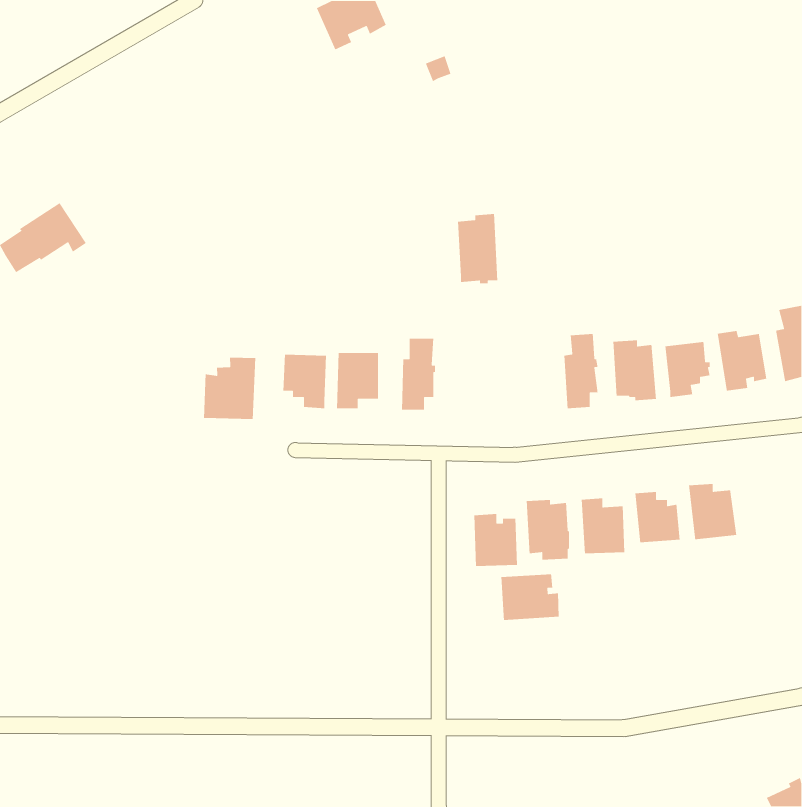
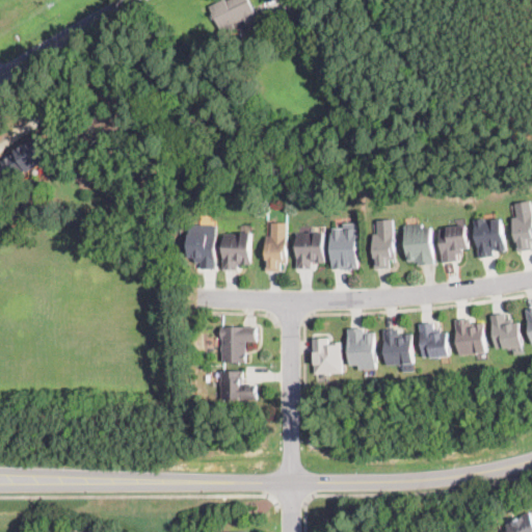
building: [457,213,498,284] -> [329,222,356,269]
building: none -> [295,232,323,268]
building: [203,357,256,420] -> none
building: none -> [489,312,522,349]
building: none -> [218,326,256,363]
building: none -> [219,371,256,399]
building: [501,573,559,621] -> none

